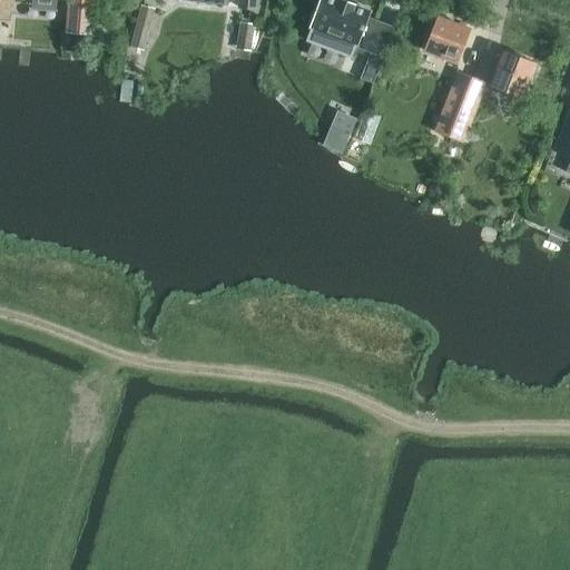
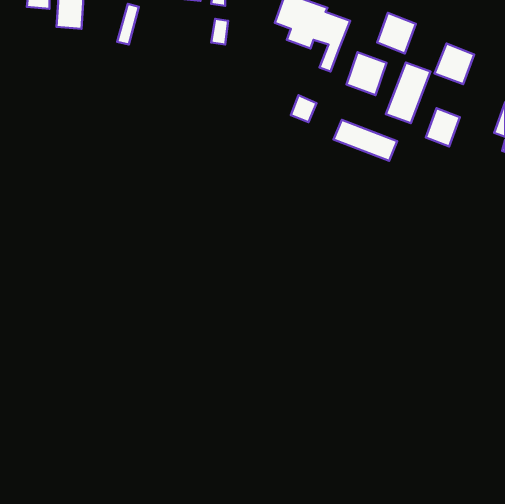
building: none -> [346,52,387,95]
building: none -> [426,108,460,146]
building: none -> [334,120,397,161]

